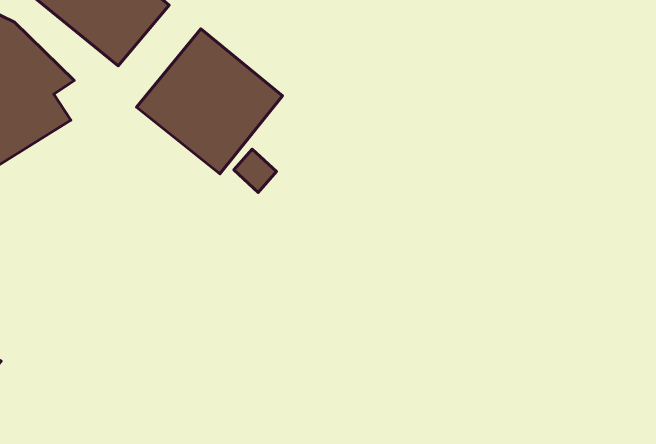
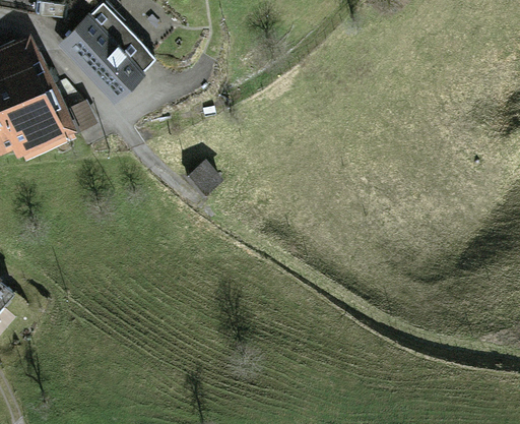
building: [136,29,283,174] -> none

